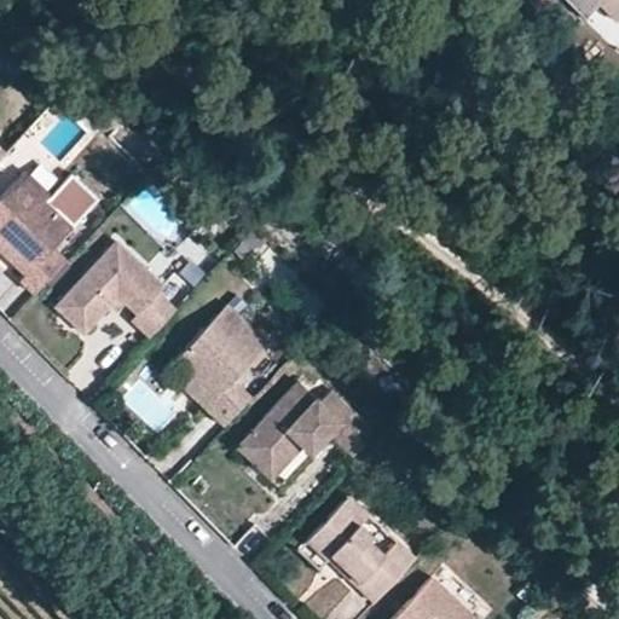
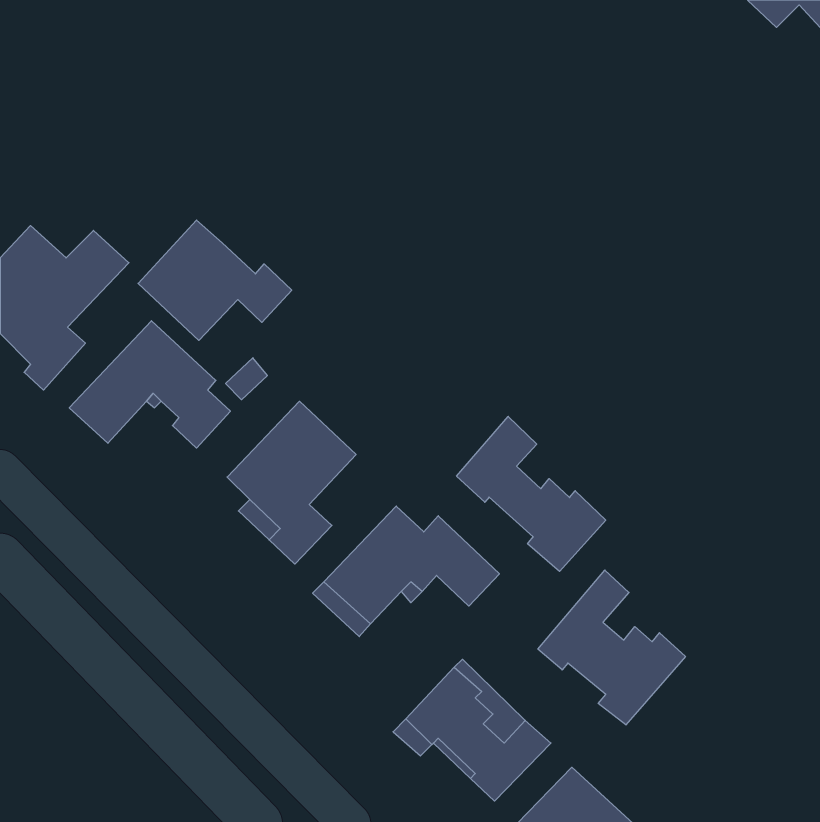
building: none -> [138,220,292,340]
building: none -> [457,416,606,571]
building: none -> [538,570,685,725]

